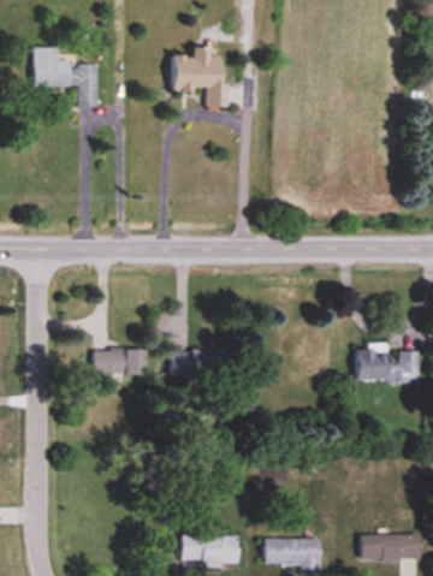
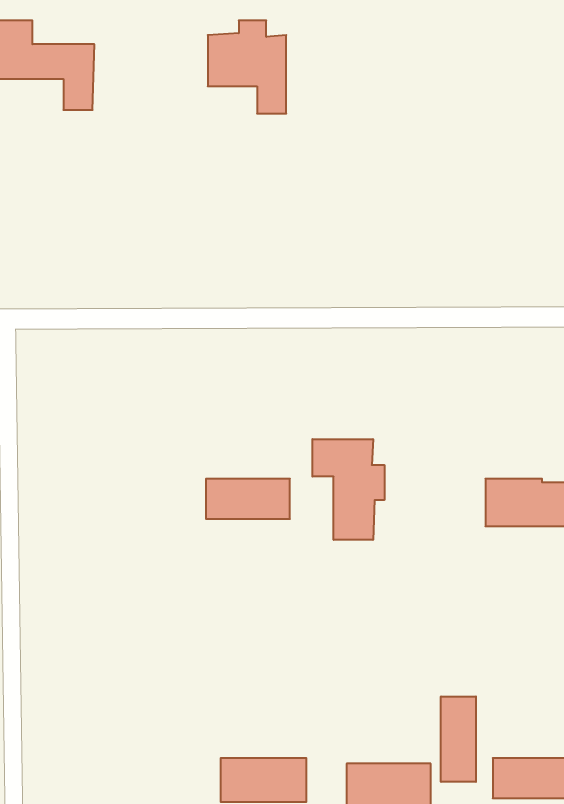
building: none -> [312,439,384,540]
building: [93,349,146,374] -> none
building: none -> [441,696,476,782]

